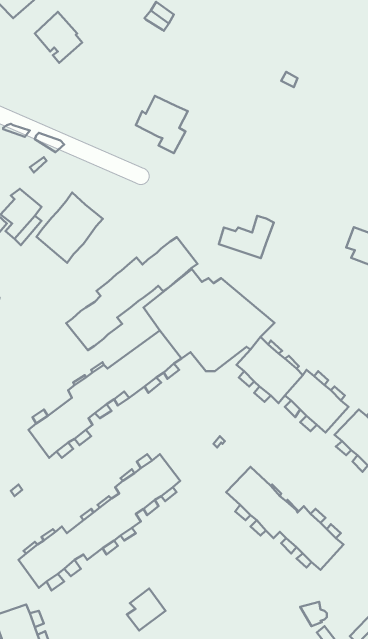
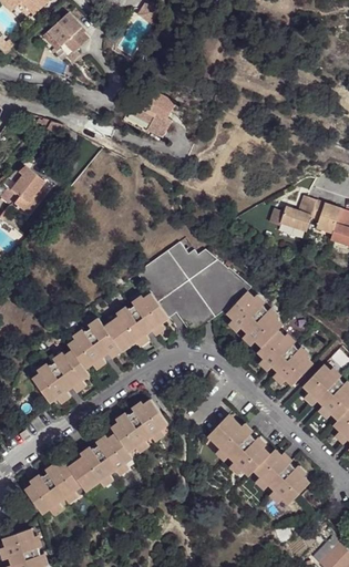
building: [36,193,103,263] -> none
building: [219,216,274,258] -> [269,195,317,231]
building: [66,237,198,350] -> none
building: [127,589,166,631] -> none

